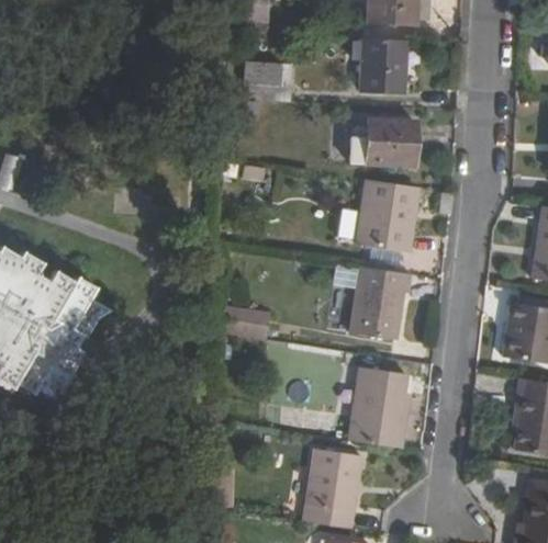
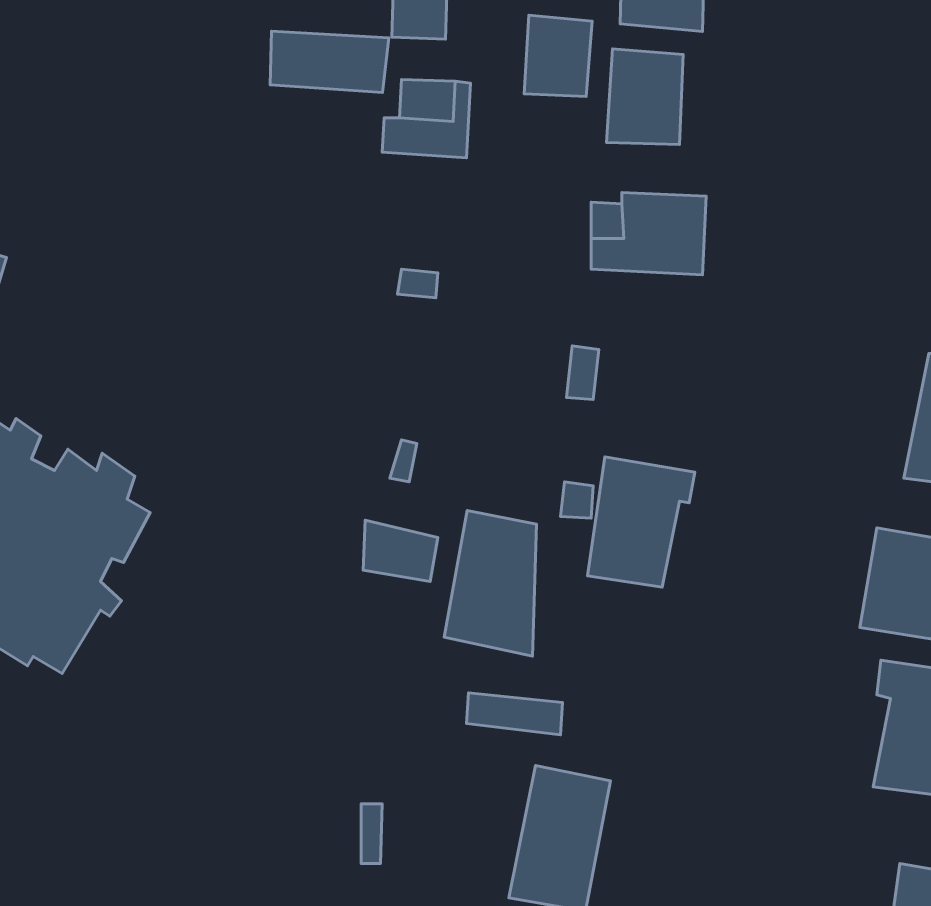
building: none -> [524,15,592,97]
building: none -> [270,31,389,92]
building: [355,178,413,256] -> none
building: [351,367,404,451] -> [444,511,536,656]

